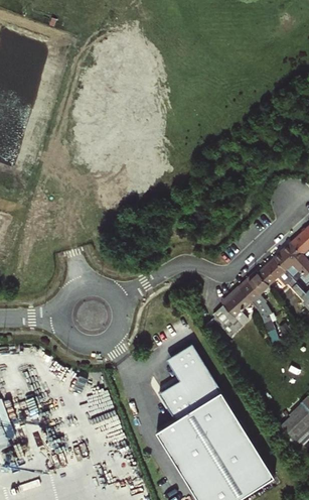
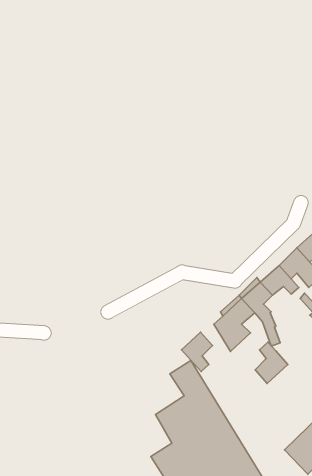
building: none -> [182,332,212,372]
building: none -> [255,342,288,383]

